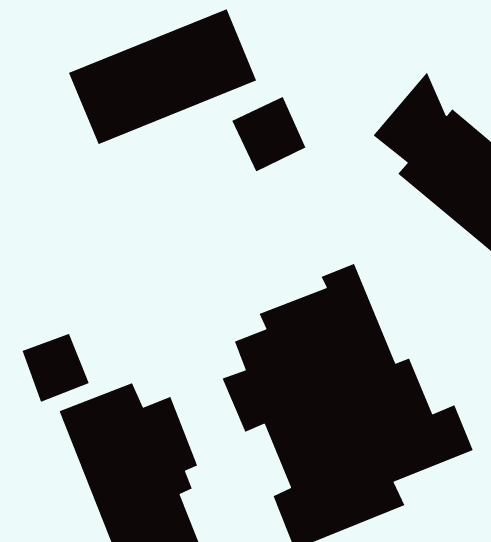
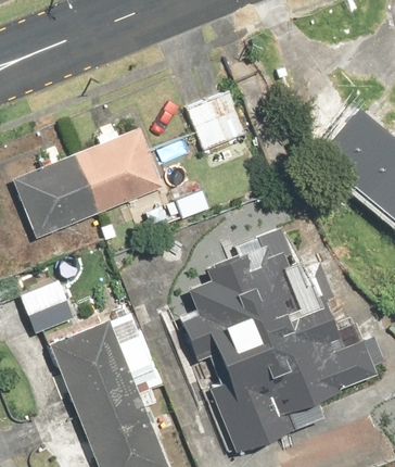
building: [68,8,257,145] -> [13,130,163,239]

